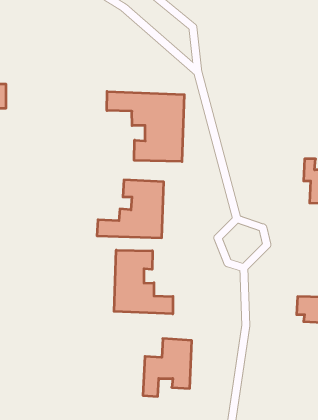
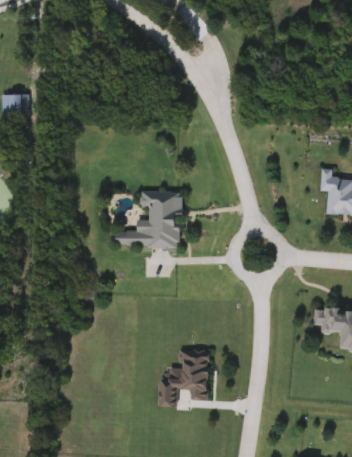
building: [107,91,184,162] -> none
building: [114,250,173,314] -> none

